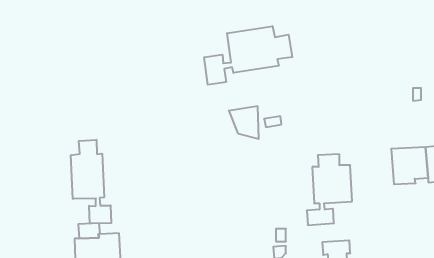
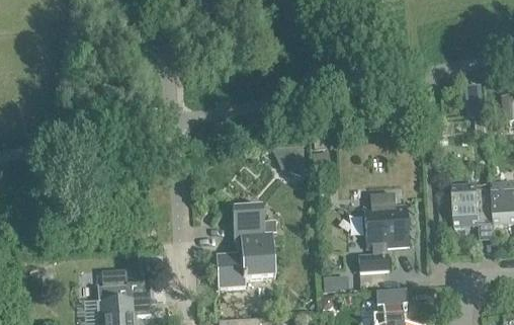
building: [204,26,292,85] -> none
building: [71,140,111,223] -> none
building: none -> [217,206,276,289]

